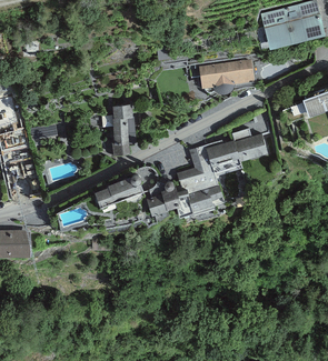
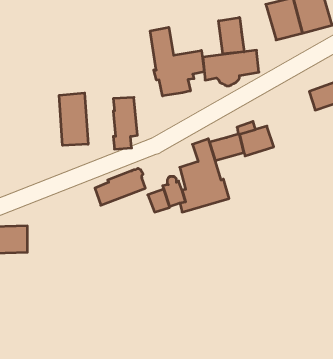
building: none -> [219,17,244,54]
building: none -> [150,27,204,96]
building: none -> [59,93,88,145]

